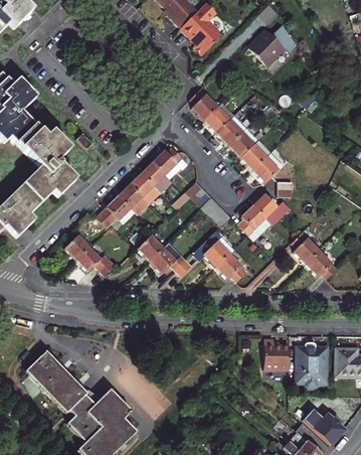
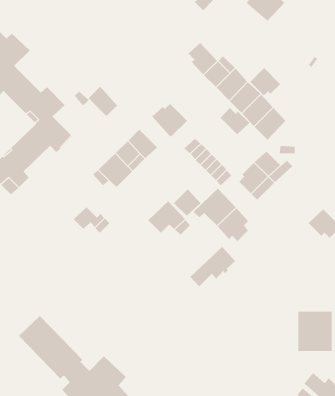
building: none -> [249,67,281,96]
building: none -> [220,107,250,135]
building: [142,159,171,189] -> [88,86,118,117]
building: [292,230,321,263] -> none
building: [65,232,94,259] -> none
building: [137,233,164,260] -> [173,189,201,216]
building: none -> [190,246,236,287]
building: [262,340,288,371] -> none

